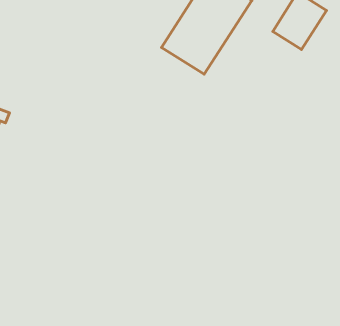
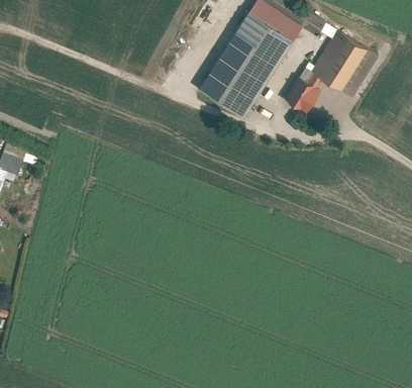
building: none -> [284,77,320,113]

